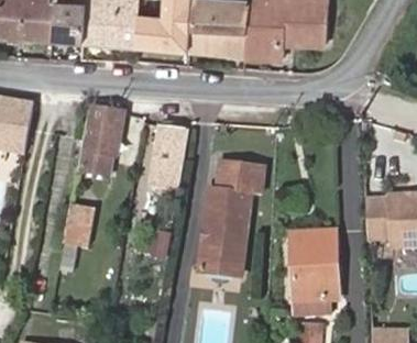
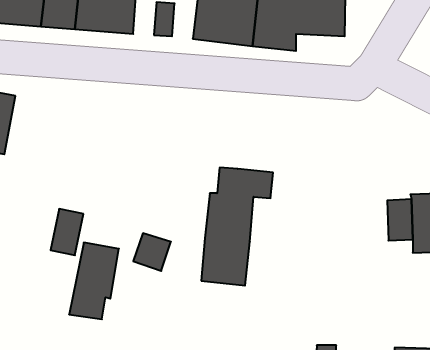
building: [79,108,124,177] -> [69,243,119,319]
building: [152,124,190,187] -> none
building: [292,231,341,305] -> none

